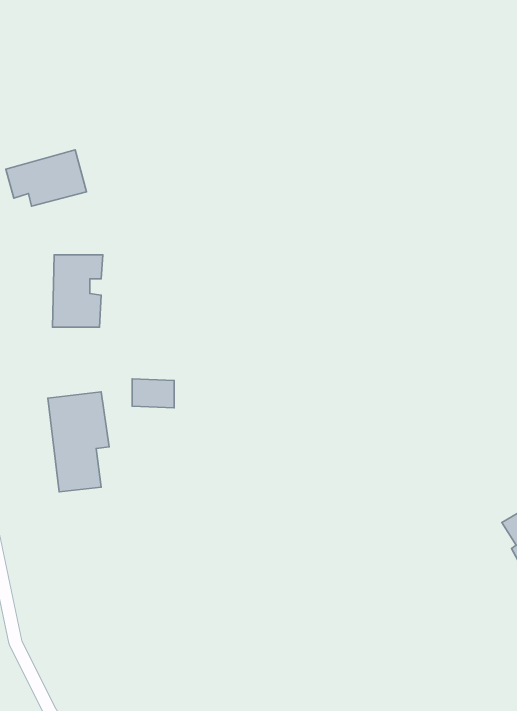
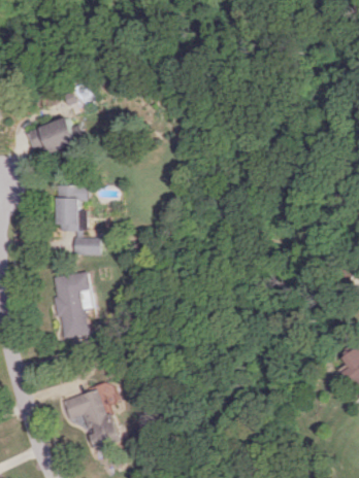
building: [132,379,174,408] -> [73,236,100,254]
building: none -> [65,388,119,449]

